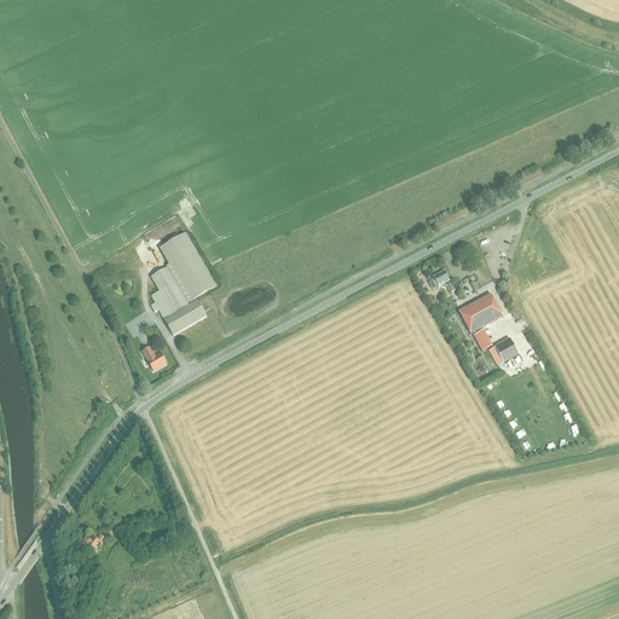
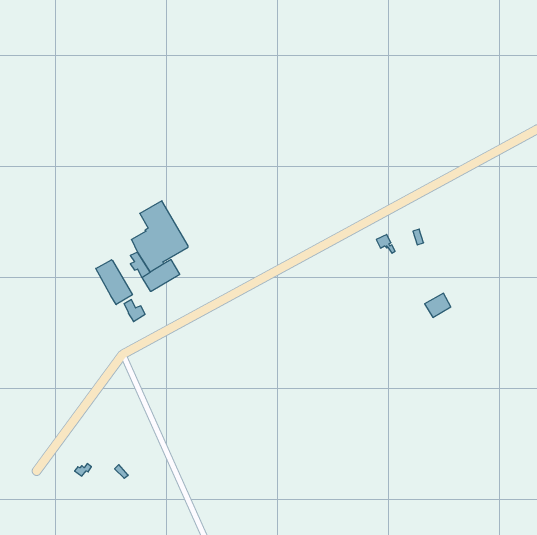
building: [458,294,503,351] -> none
building: none -> [96,260,132,305]

